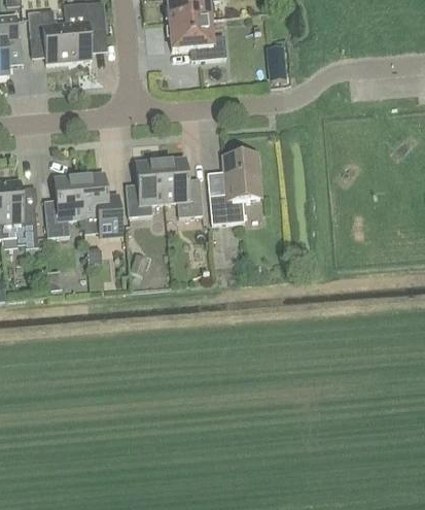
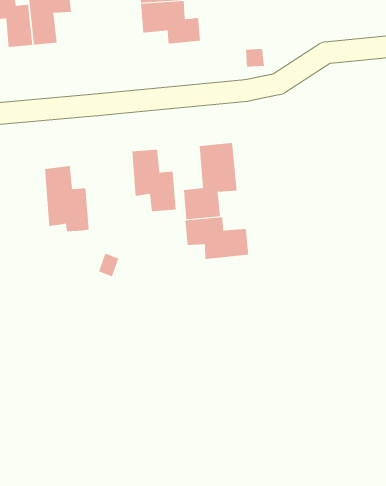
building: [126,160,164,216] -> none
building: [44,176,82,237] -> none
building: none -> [185,216,249,260]

